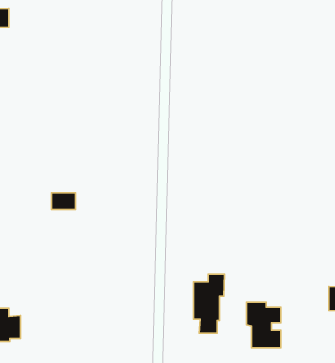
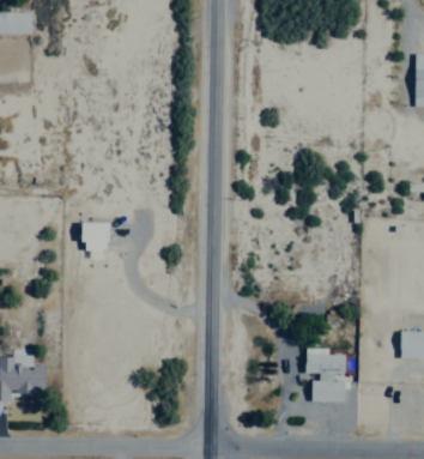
building: [194,274,225,333] -> none

